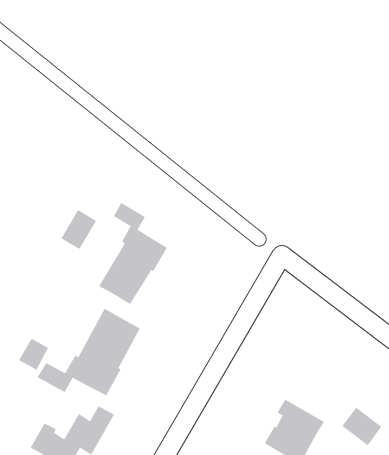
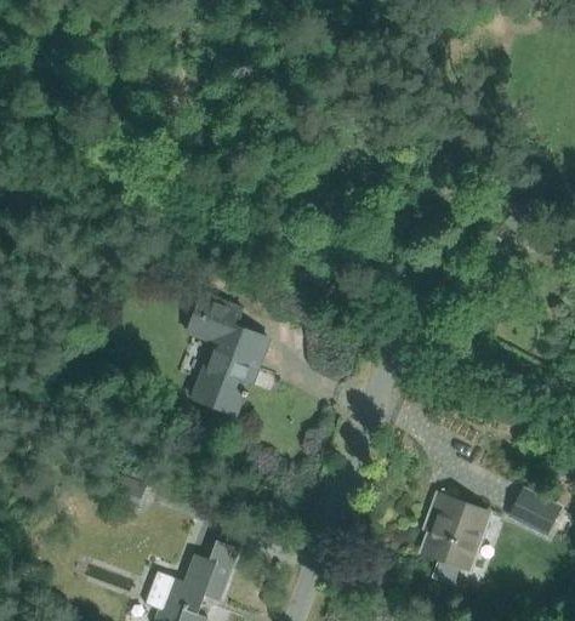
building: [60,210,97,250] -> none
building: [37,308,140,397] -> none

